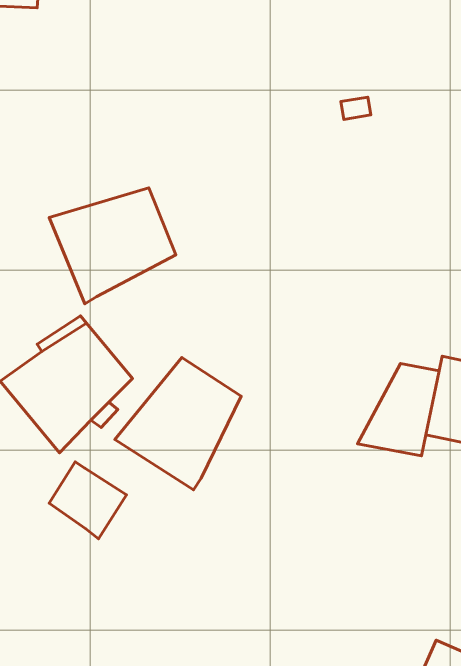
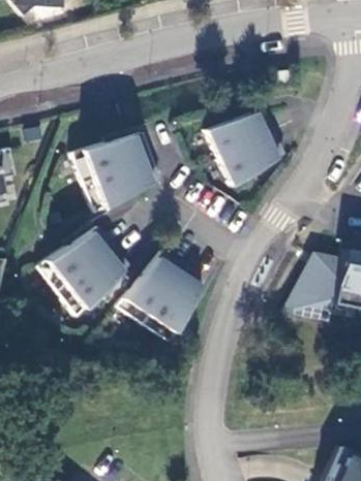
building: none -> [203,109,283,187]
building: [49,462,127,539] -> none

